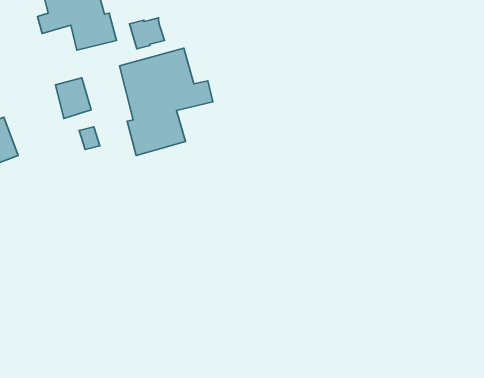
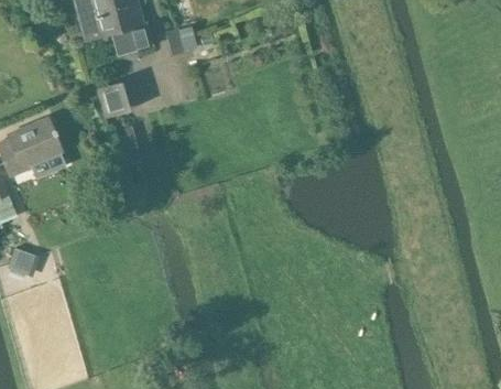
building: [120,48,213,155] -> none

